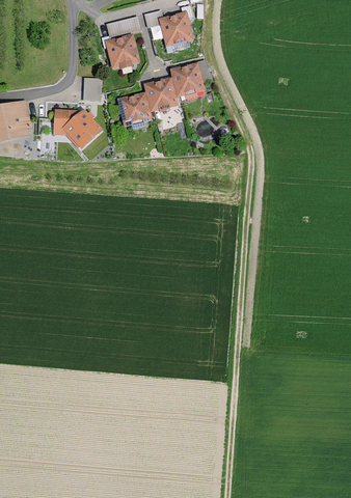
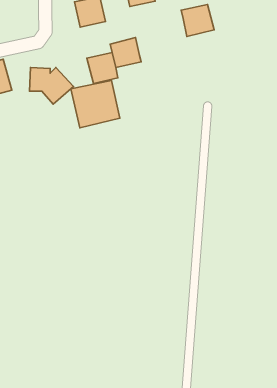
building: [169,61,206,96] -> [181,5,214,36]
building: [84,75,102,99] -> none
building: none -> [71,80,120,128]

